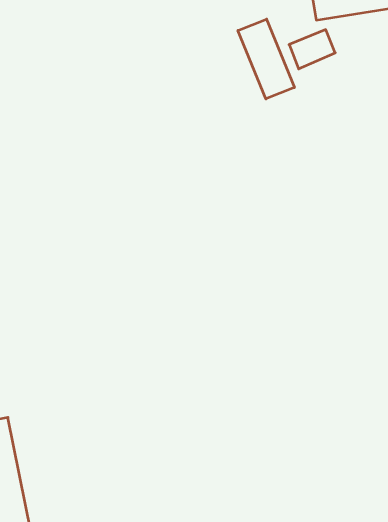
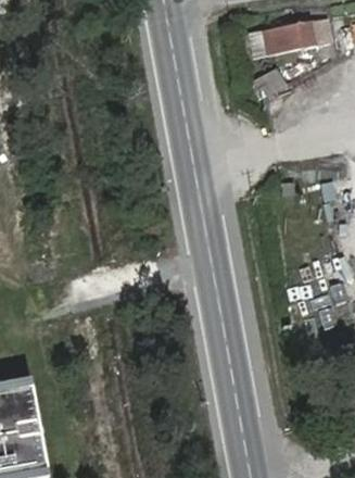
building: [238,19,294,99] -> none

